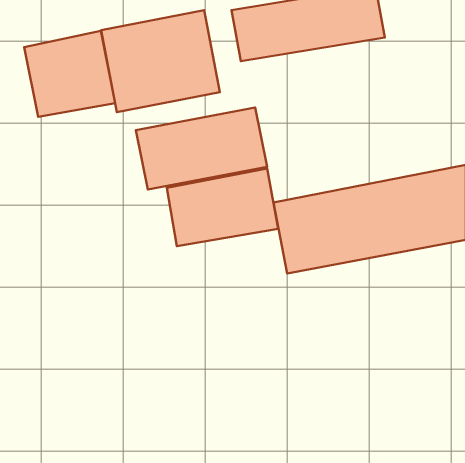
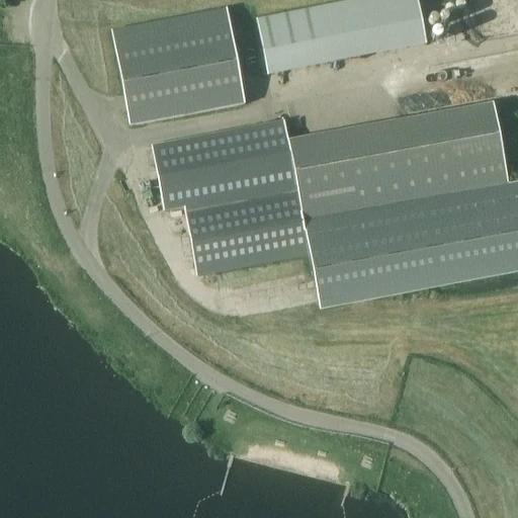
building: [24,31,115,117] -> none
building: none -> [289,106,509,219]

